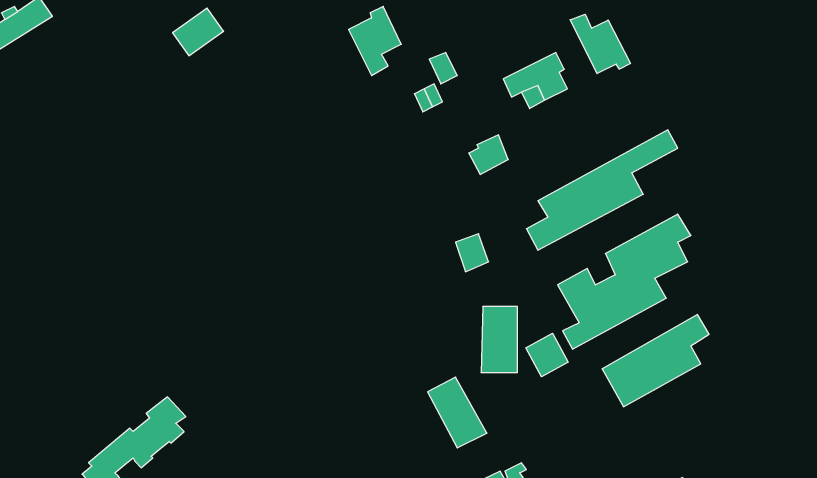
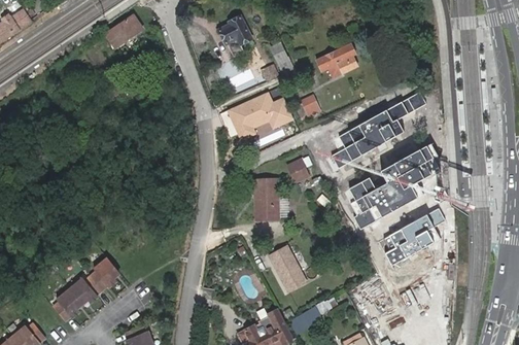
building: [570,14,630,74] -> none
building: none -> [223,90,291,141]
building: [481,307,517,373] -> [254,174,277,215]
building: [526,333,568,377] -> none

